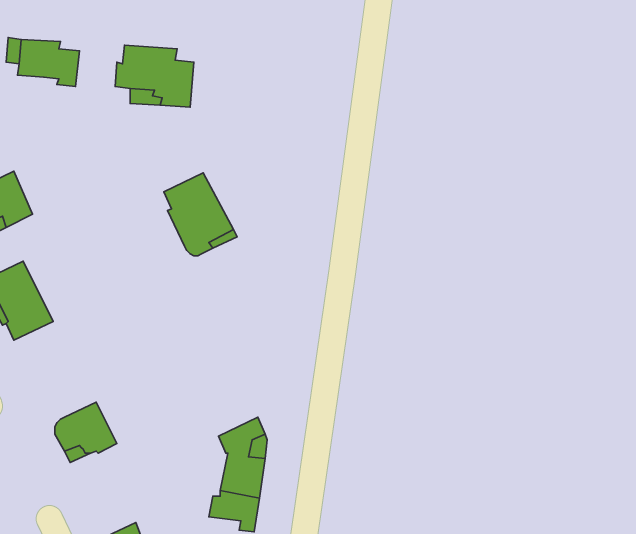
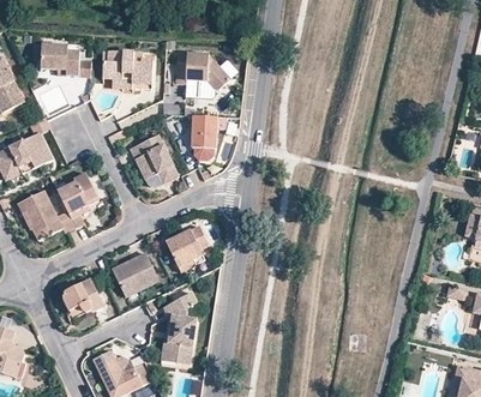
building: none -> [176,56,233,92]
building: none -> [191,115,216,150]
building: none -> [59,173,98,218]
building: none -> [164,225,208,272]
building: none -> [114,253,160,291]

